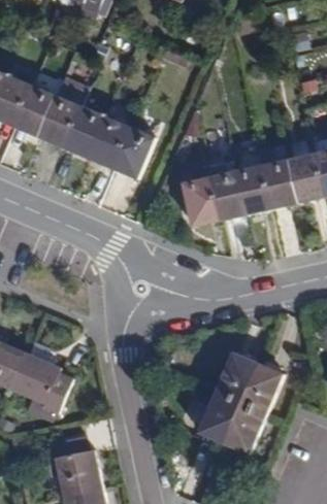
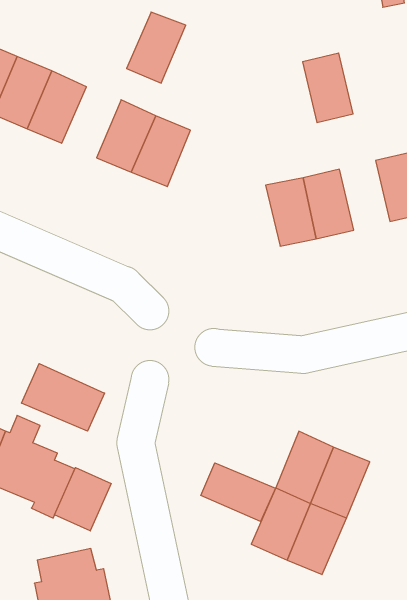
building: [63,106,105,157] -> [127,12,186,83]
building: [261,159,297,208] -> [303,53,353,123]
building: [182,176,219,226] -> none
building: none -> [22,364,105,431]
building: none -> [201,463,276,522]
building: none -> [55,468,111,531]

